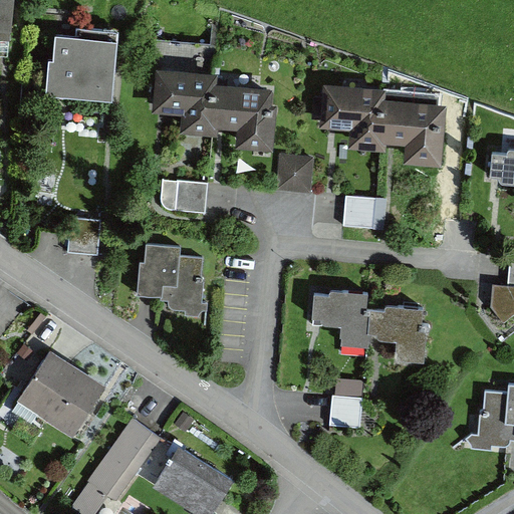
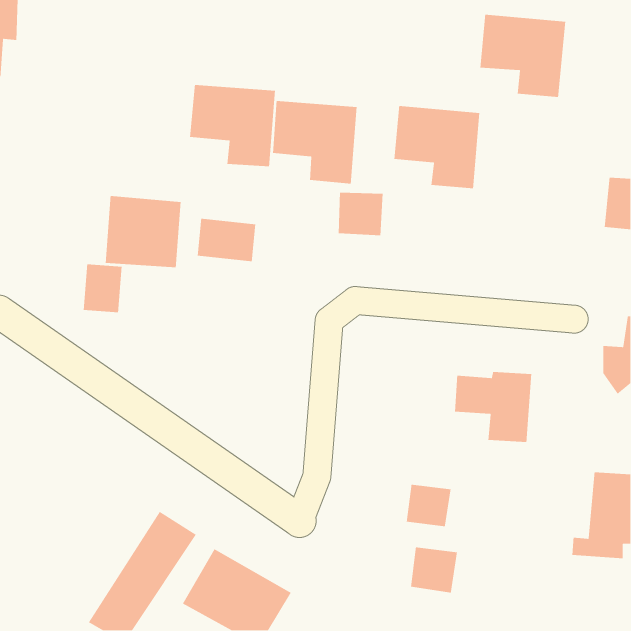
building: [49,30,122,104] -> none
building: [387,95,457,164] -> [480,14,566,98]
building: [342,195,377,227] -> none
building: [141,246,203,305] -> [105,195,182,268]
building: [306,294,368,352] -> none
building: [15,351,105,440] -> none
building: none -> [410,547,458,594]

